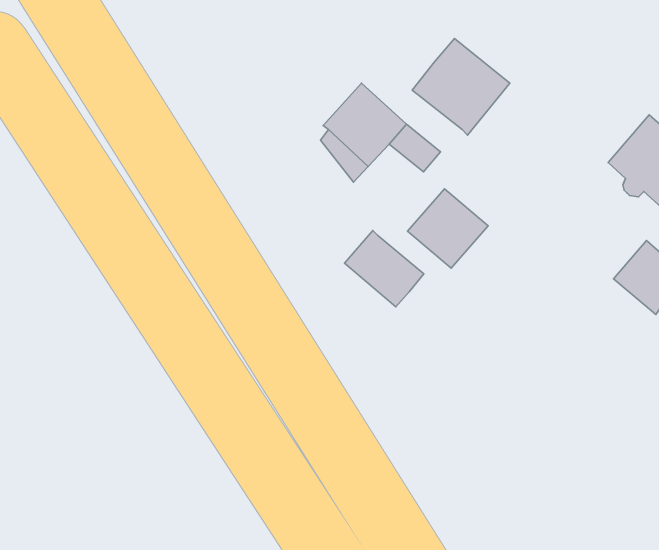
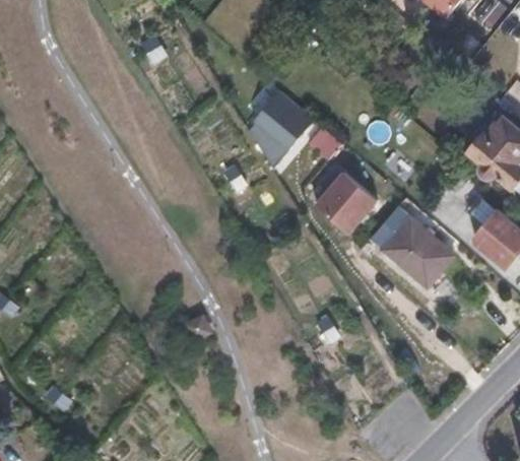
building: [412,38,510,135] -> none
building: [345,230,424,307] -> none
building: none -> [382,218,453,286]

